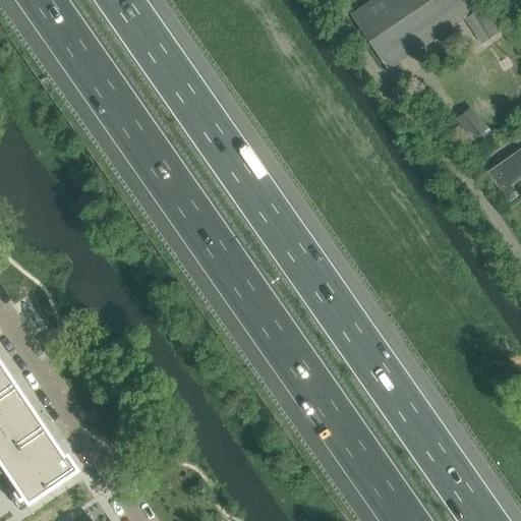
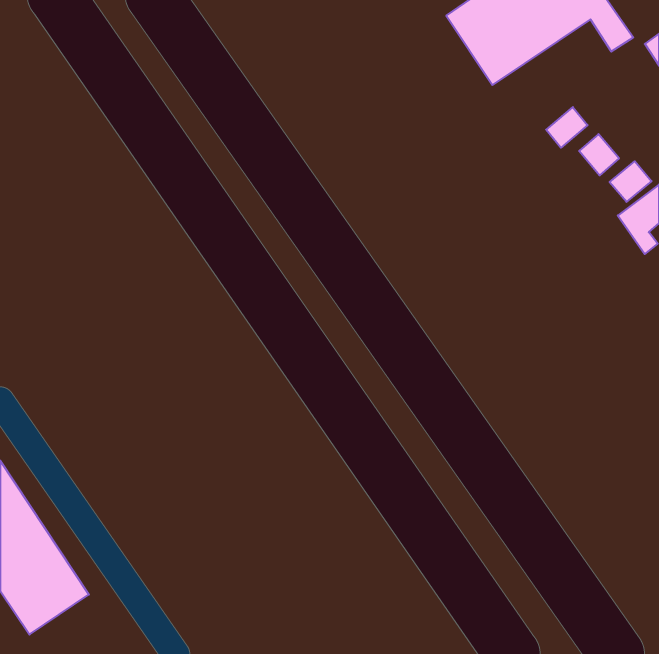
building: none -> [546,107,588,148]
building: none -> [610,161,652,202]

